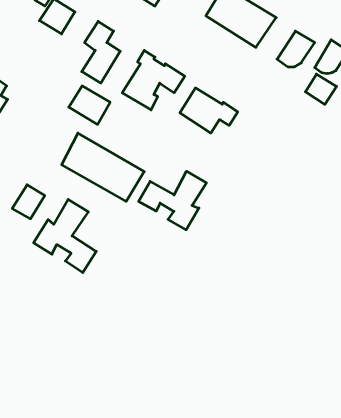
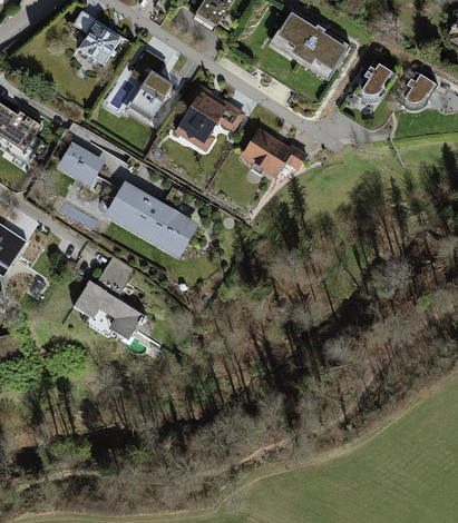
building: [305,74,337,104] -> none
building: [69,86,110,124] -> [56,142,104,187]
building: [139,171,206,230] -> none
building: [12,185,45,219] -> none

